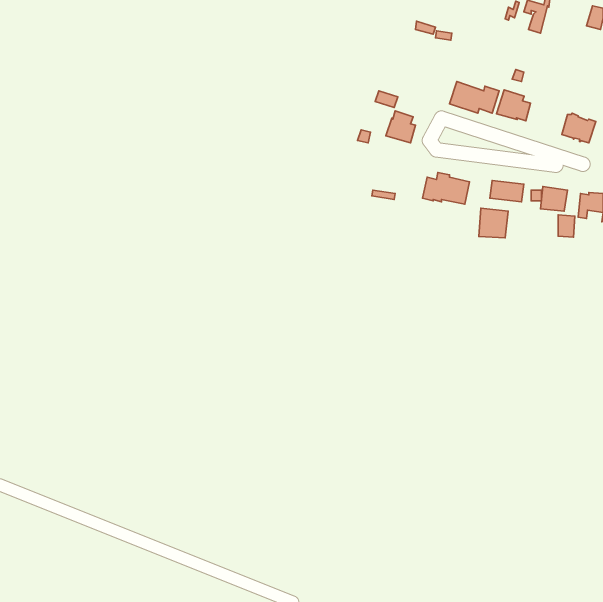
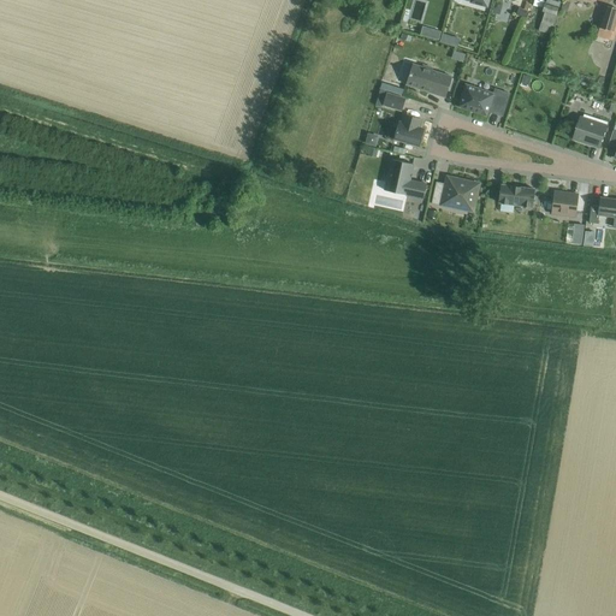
building: none -> [407,63,452,96]
building: [497,90,531,121] -> none
building: none -> [385,159,427,199]
building: [479,208,508,238] -> none

